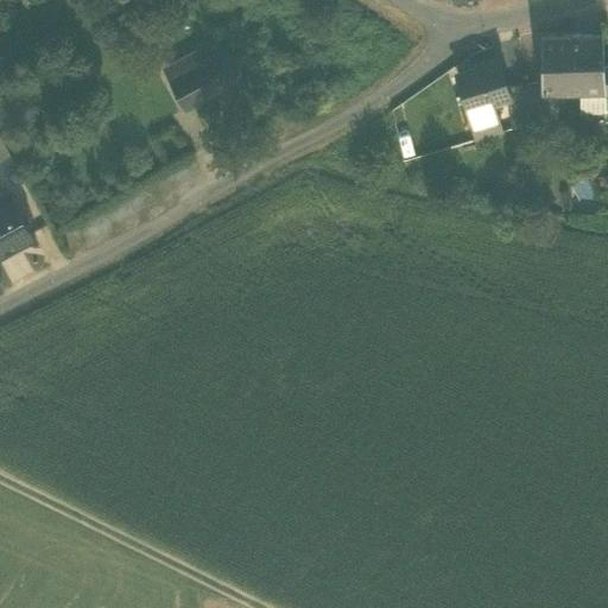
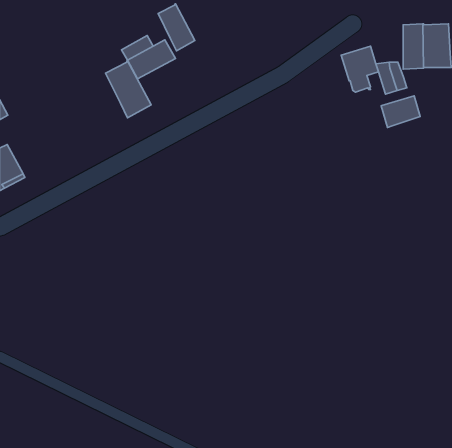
building: none -> [158,4,195,51]
building: none -> [106,61,151,118]
building: none -> [381,96,420,128]

